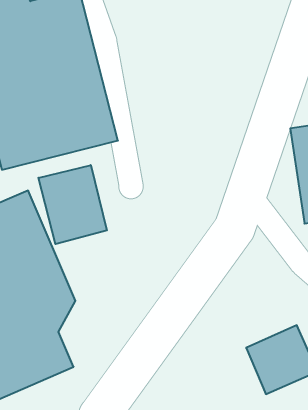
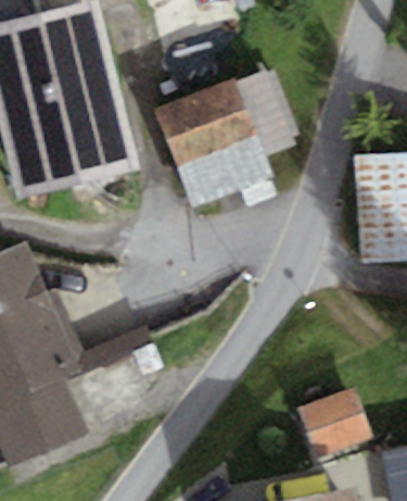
building: none -> [157,75,288,203]
building: [38,165,107,244] -> none

